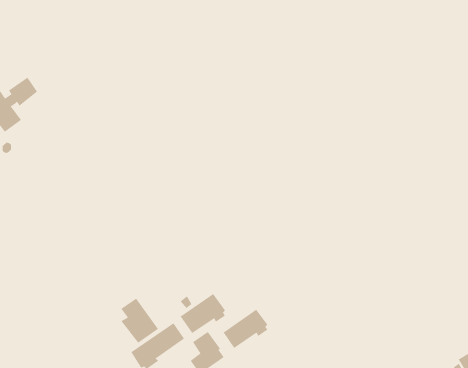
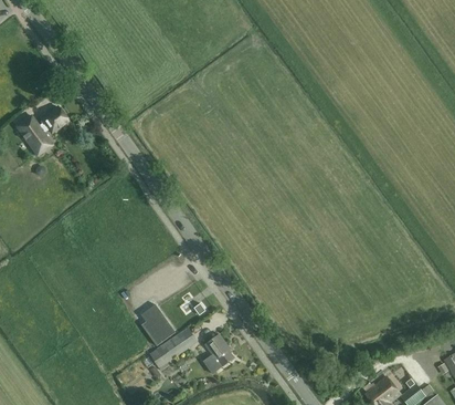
building: [180,293,226,334] -> none
building: [223,309,268,349] -> none

